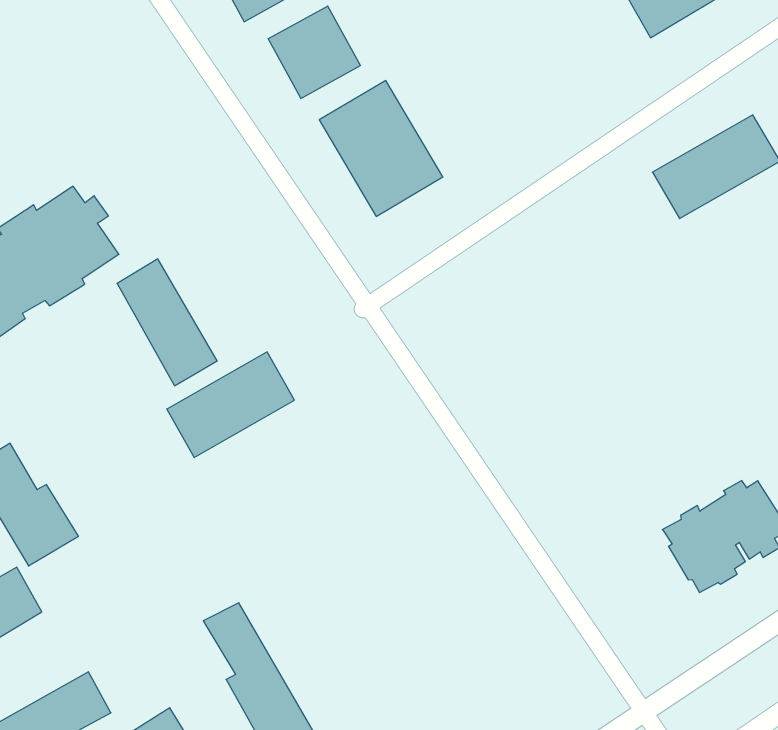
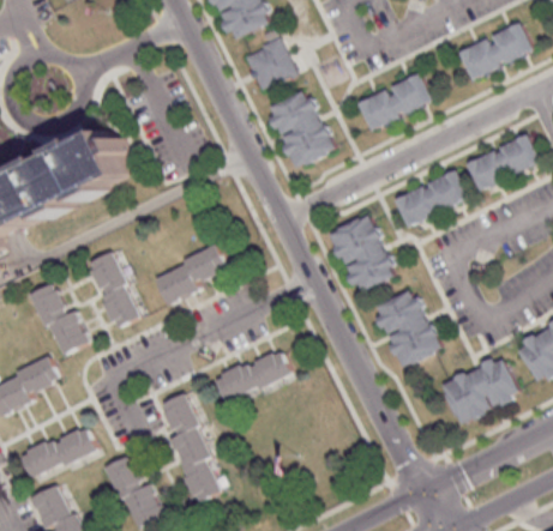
building: none -> [355,73,432,131]
building: none -> [391,170,468,228]
building: [117,259,217,386] -> [85,251,140,328]
building: none -> [329,211,396,286]
building: none -> [377,289,443,366]
building: none -> [212,346,290,402]

